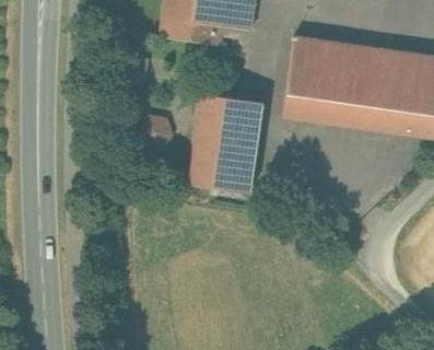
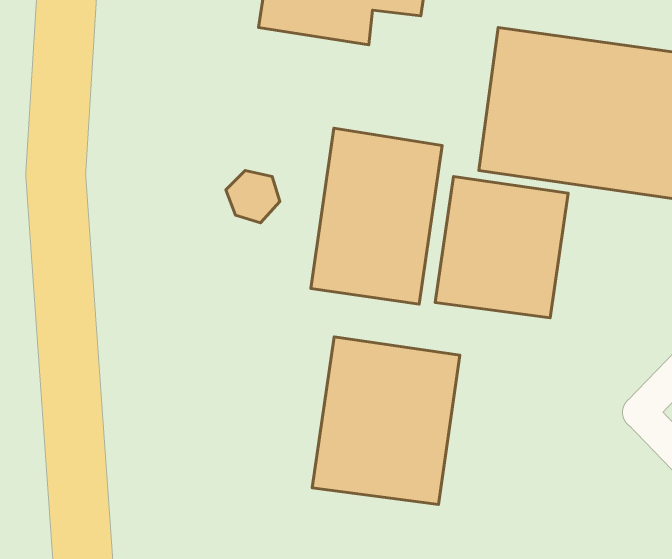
building: none -> [435,176,568,318]
building: none -> [312,337,460,505]

